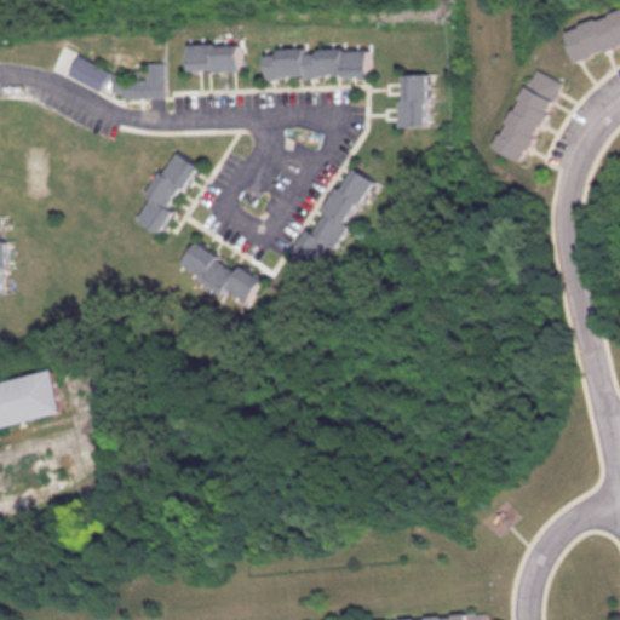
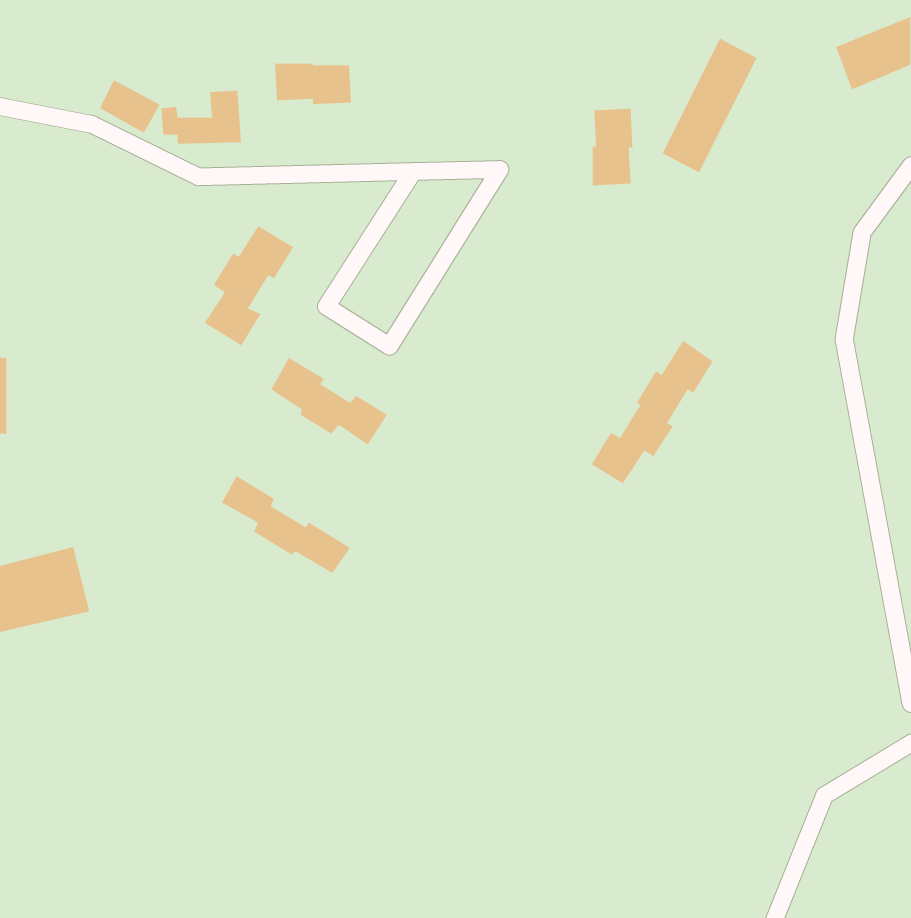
building: [262,47,366,80] -> none
building: [493,70,557,161] -> [662,38,757,173]
building: [292,168,374,265] -> [591,340,713,484]
building: none -> [221,475,351,574]

